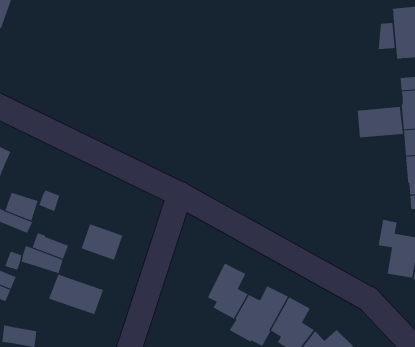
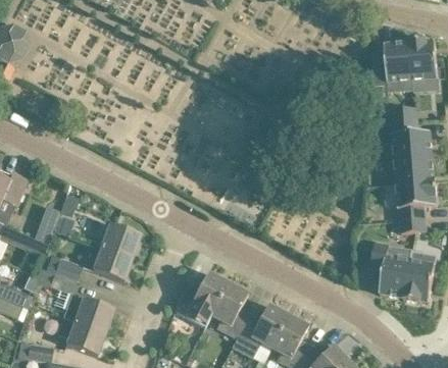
building: [357,106,403,138] -> none
building: none -> [101,223,141,258]
building: none -> [173,272,228,327]
building: none -> [57,317,106,356]

